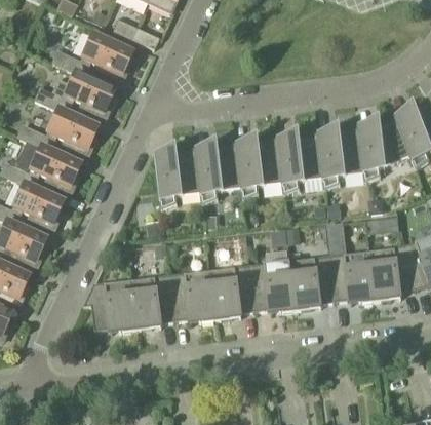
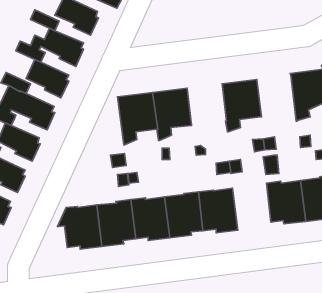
building: [318,126,363,189] -> none
building: [236,137,282,198] -> none
building: [289,254,335,309] -> none

